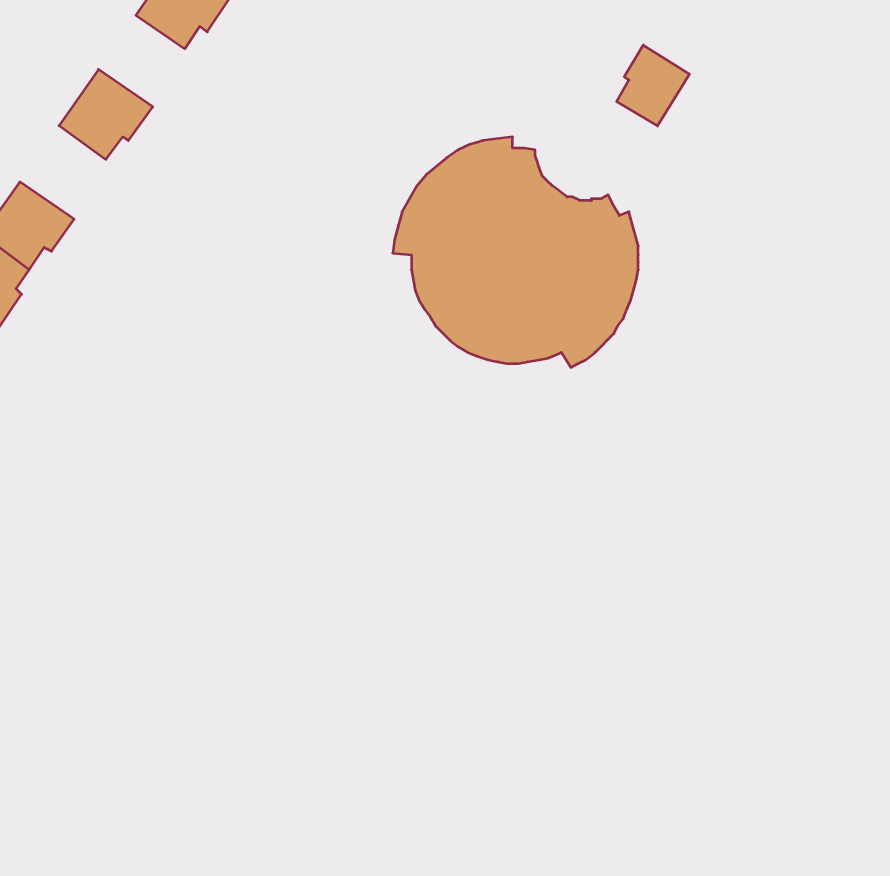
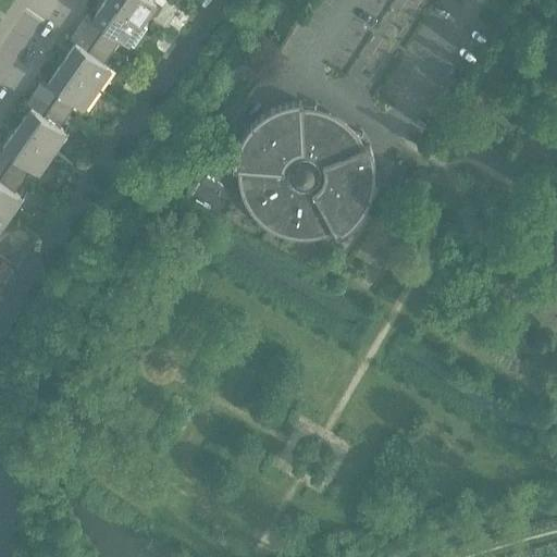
building: none -> [62,35,112,88]
building: [617,45,689,126] -> none
building: none -> [16,99,66,153]

